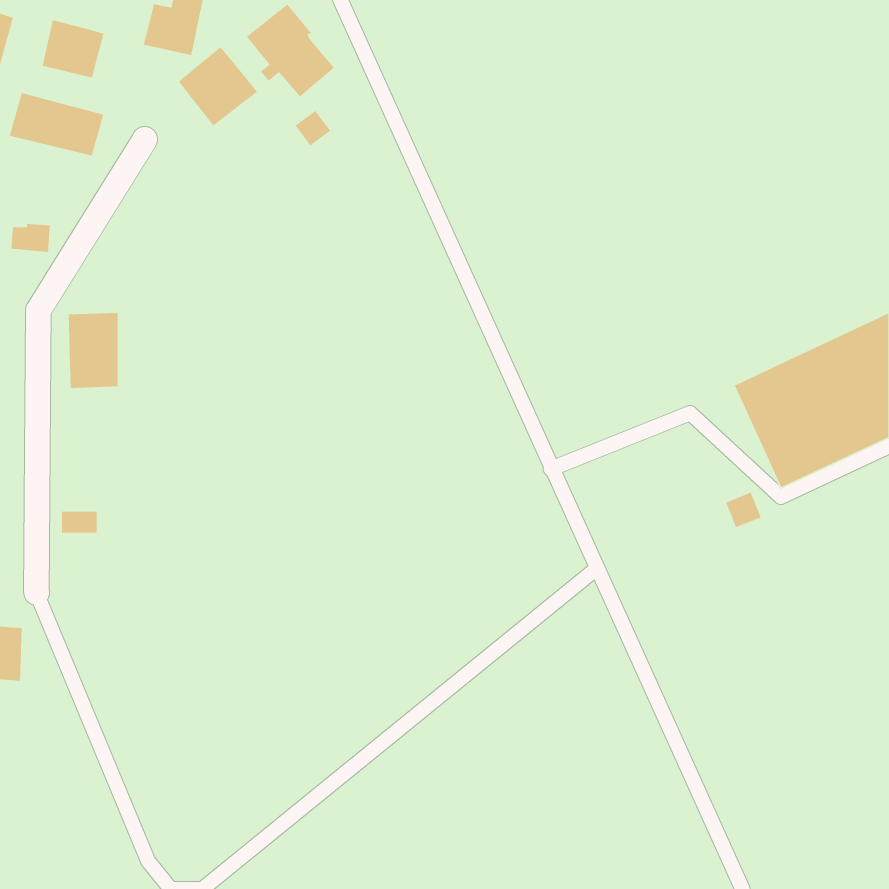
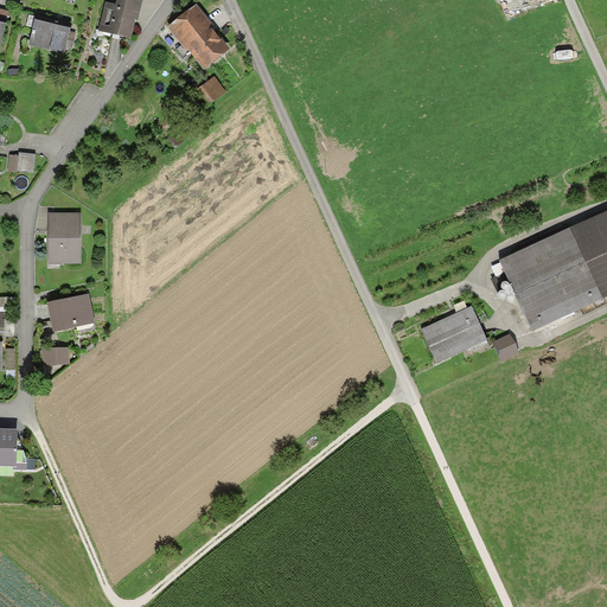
building: [178,46,258,127] -> none
building: [9,92,104,156] -> none
building: none -> [46,293,94,332]
building: none -> [421,306,485,360]

